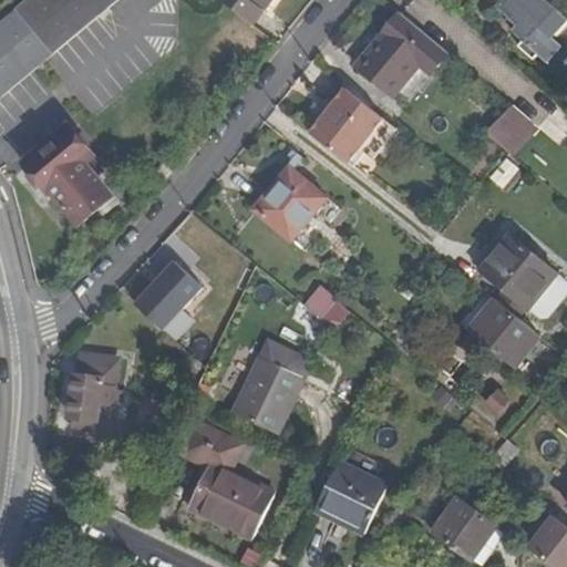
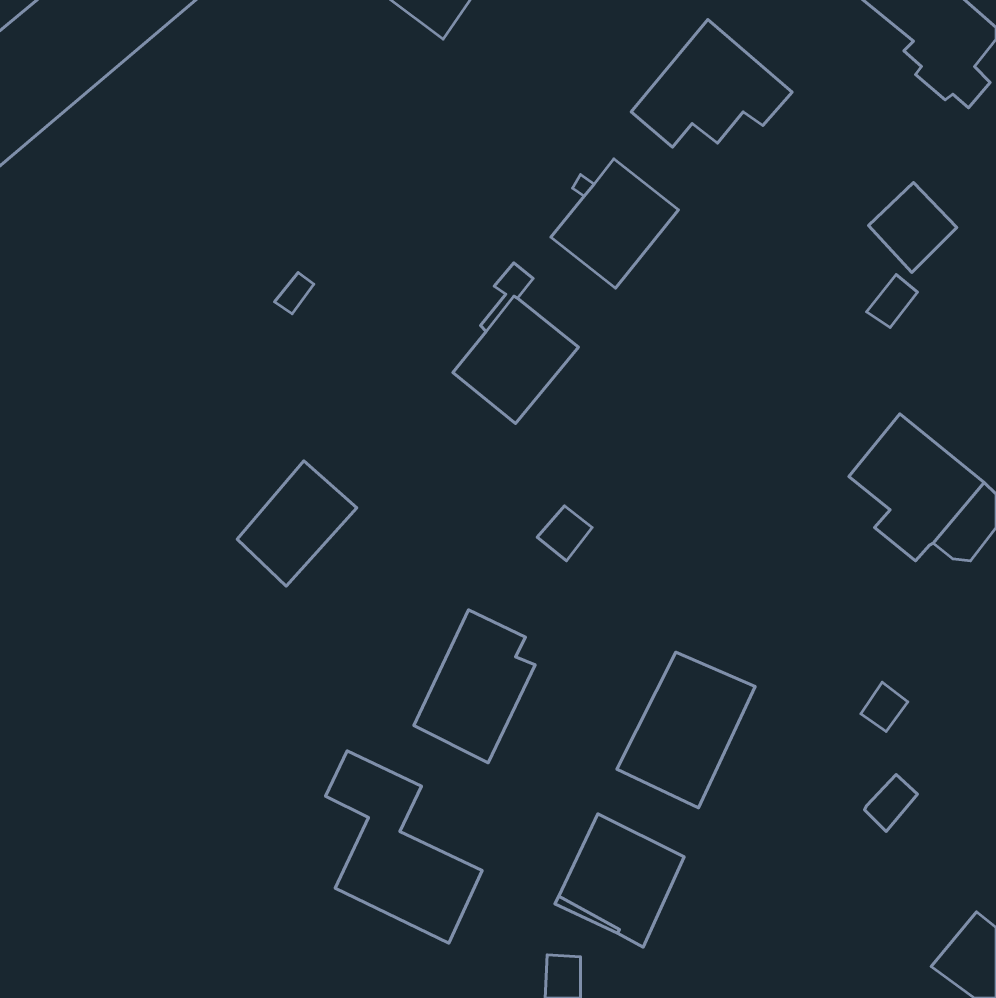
building: [23,124,111,221] -> none
building: [468,297,539,365] -> none
building: [65,352,117,430] -> none
building: none -> [617,652,755,808]
building: [432,497,494,558] -> none

